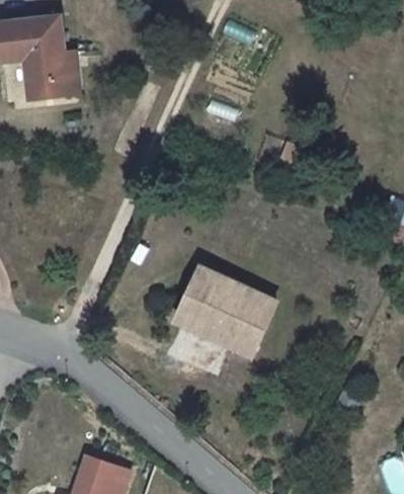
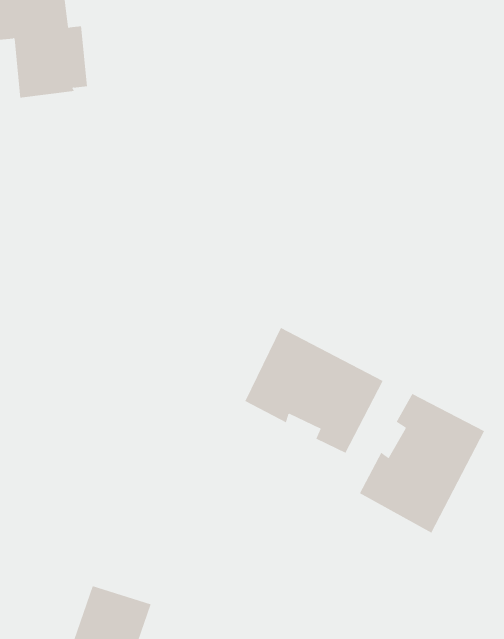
building: none -> [359,393,485,533]

